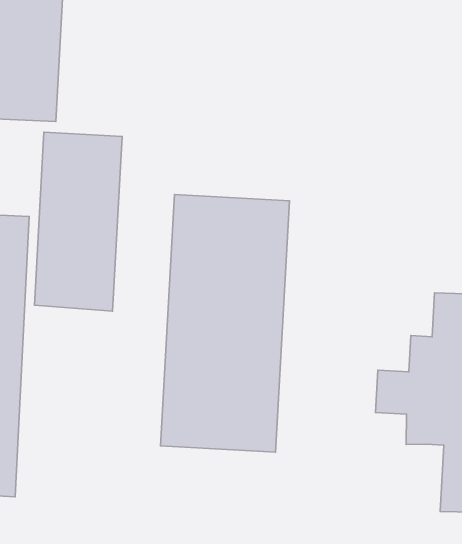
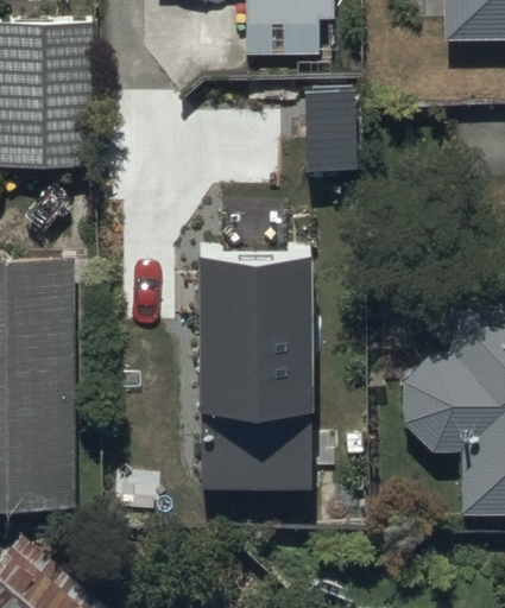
building: [34,132,122,311] -> none

